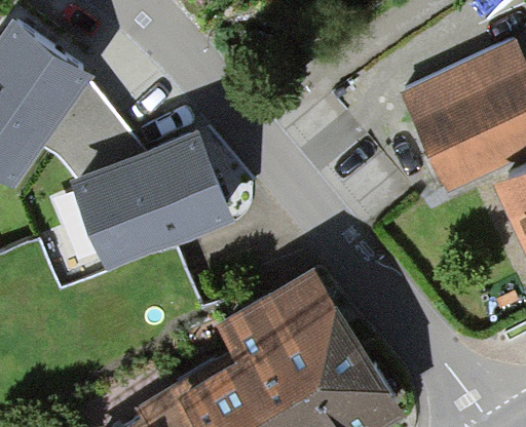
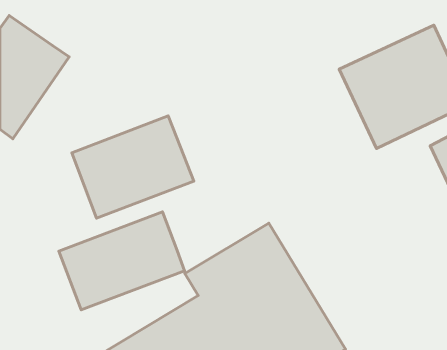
building: none -> [59,212,184,310]

